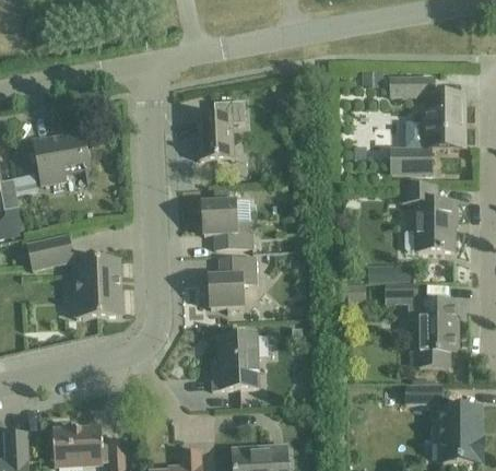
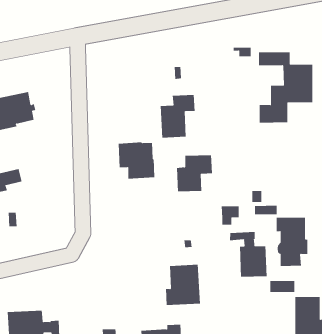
building: [197,99,245,158] -> [160,95,195,138]
building: [403,186,458,249] -> none
building: [209,256,258,306] -> [176,155,213,192]
building: [73,257,122,316] -> none
building: none -> [230,231,267,278]
building: [212,333,260,389] -> [165,264,201,306]

